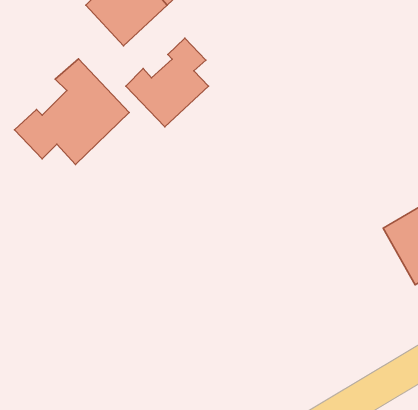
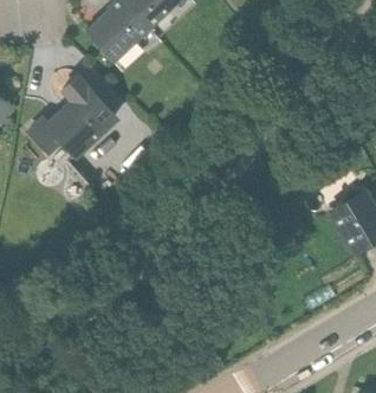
building: [126,38,209,127] -> none

